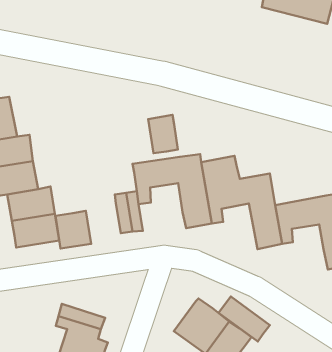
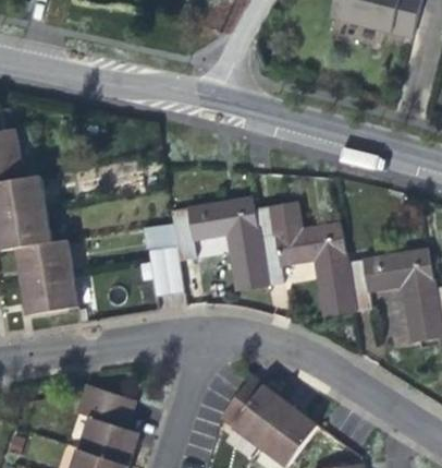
building: [148,115,178,153] -> none
building: [55,211,91,249] -> none
building: [219,297,270,341] -> none

